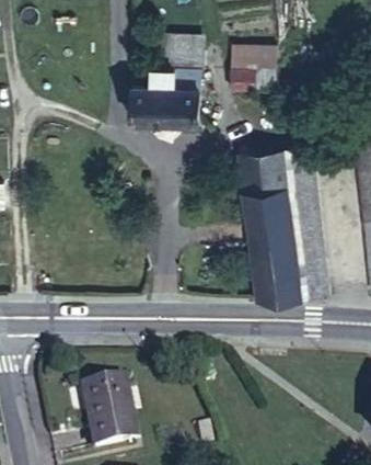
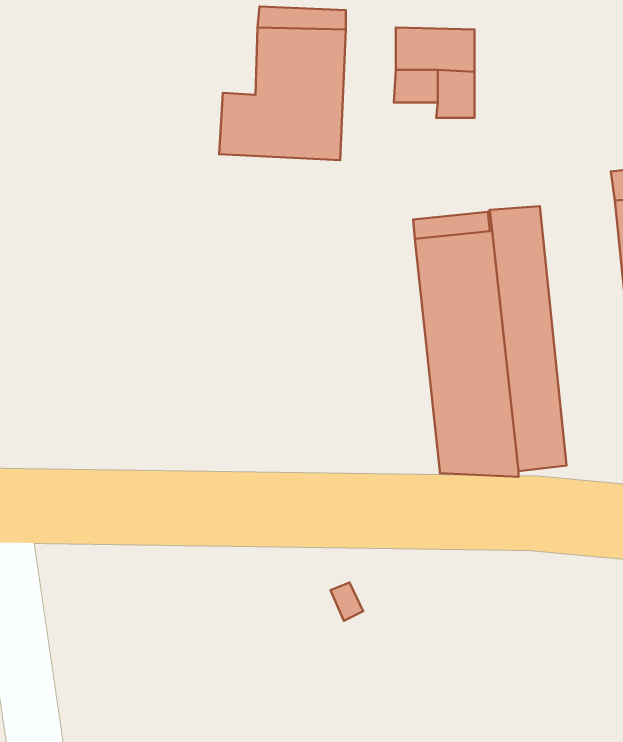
building: [81,371,135,439] -> none

